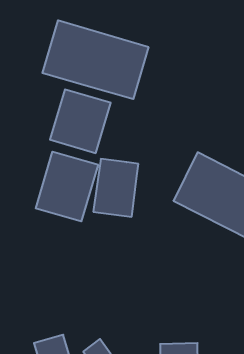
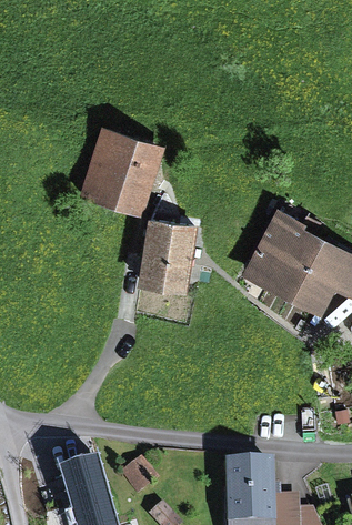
building: [42,20,148,99] -> none
building: [36,152,98,221] -> none

